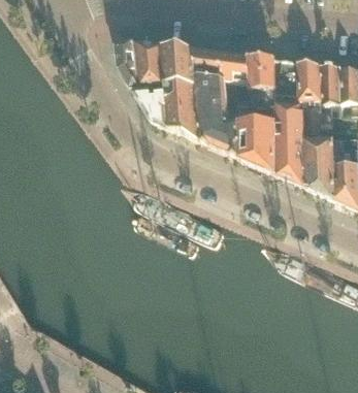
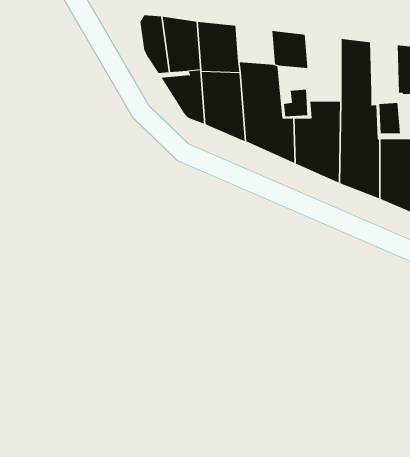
building: [193,47,223,78] -> none
building: [248,55,275,107] -> none
building: [299,61,321,101] -> none

